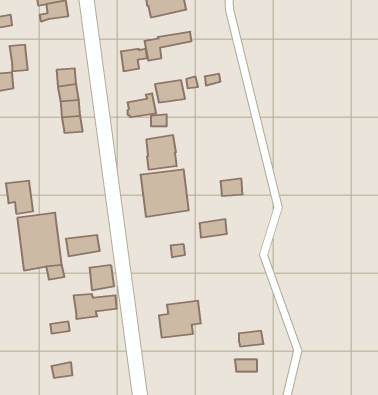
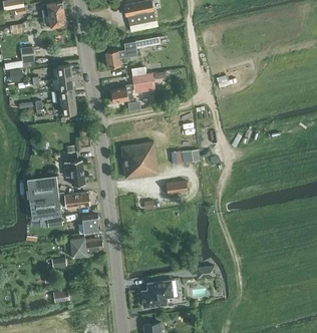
building: [147,135,176,170] -> none
building: [6,181,33,214] -> [63,160,84,186]
building: [159,301,201,338] -> [140,280,173,308]

